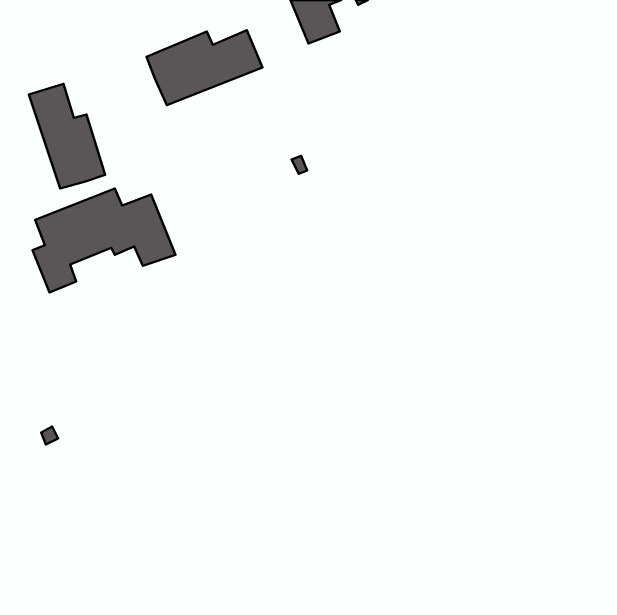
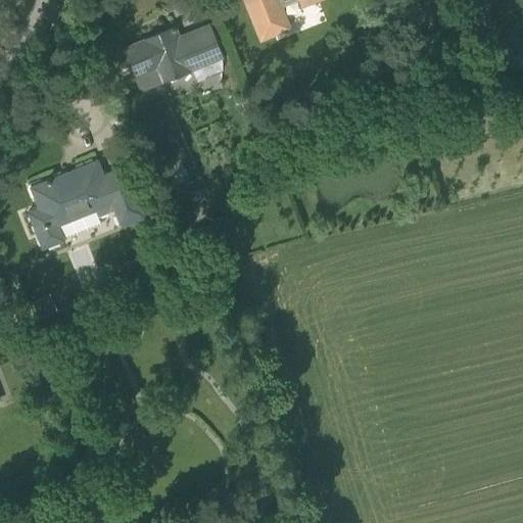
building: [29,84,105,188] -> none

